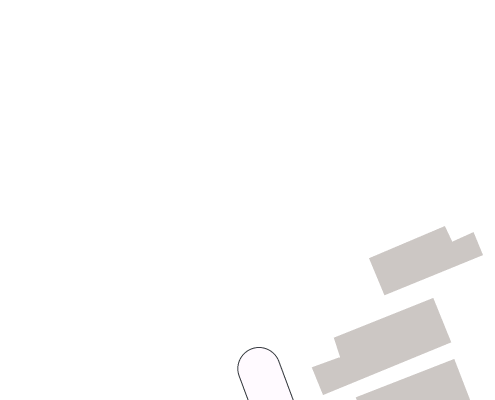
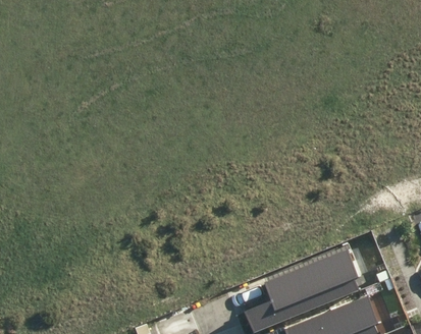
building: [368,225,484,296] -> none

